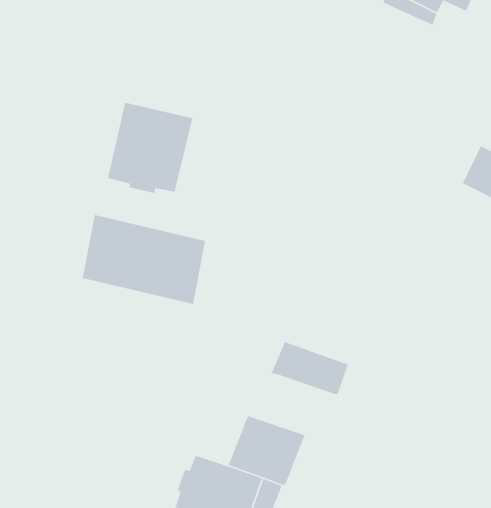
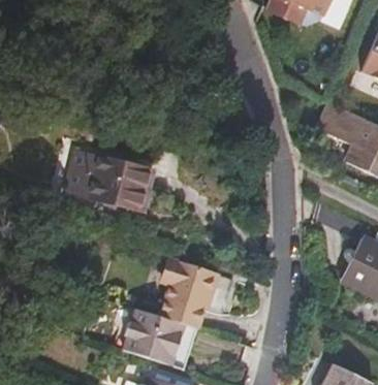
building: [107,102,193,194] -> none
building: [271,341,349,395] -> [172,263,225,299]

